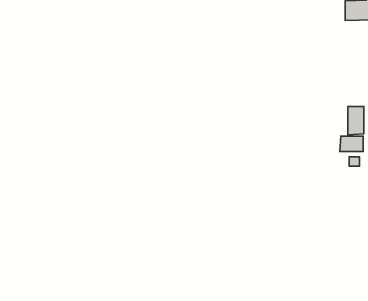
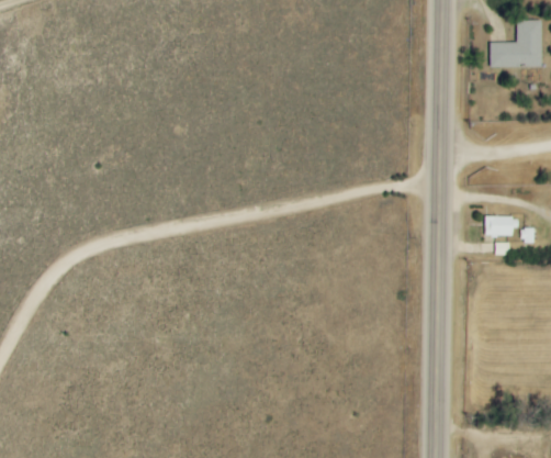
building: [348,106,364,135] -> none

